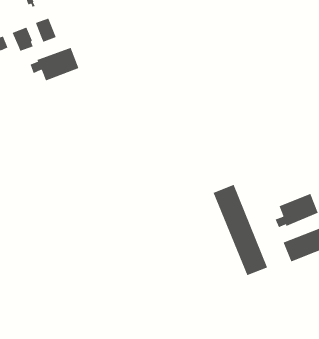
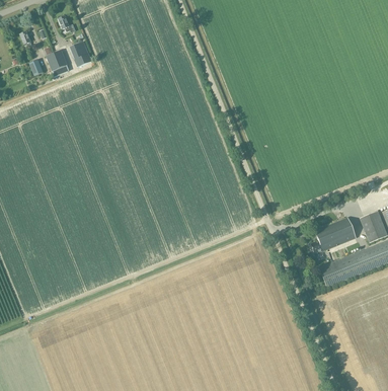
building: [29,47,80,81] -> none
building: [213,184,268,276] -> none

